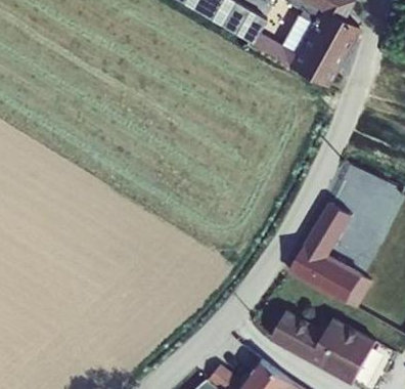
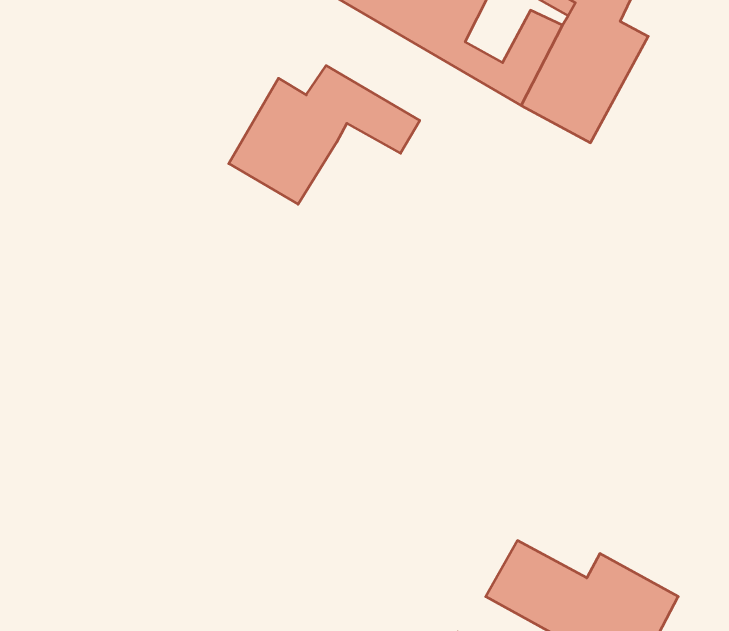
building: none -> [229,66,420,204]
building: [288,199,378,309] -> none

